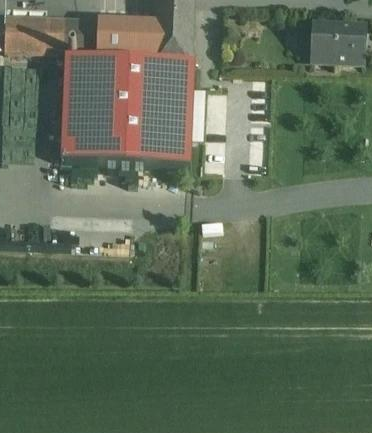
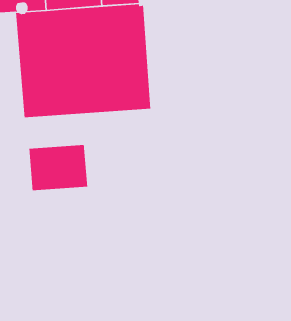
building: none -> [28,144,88,191]

